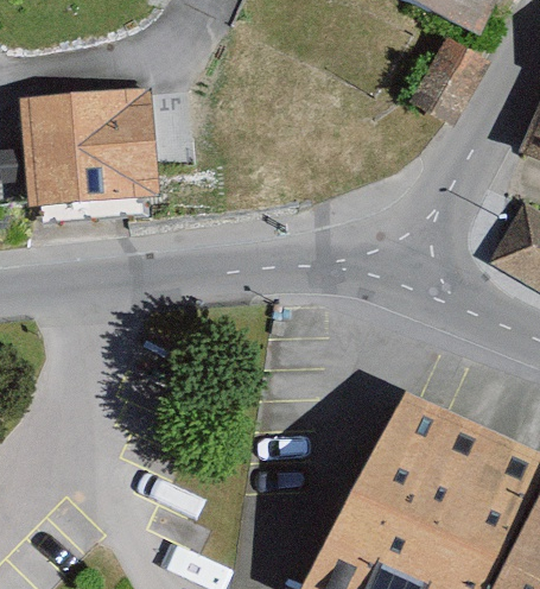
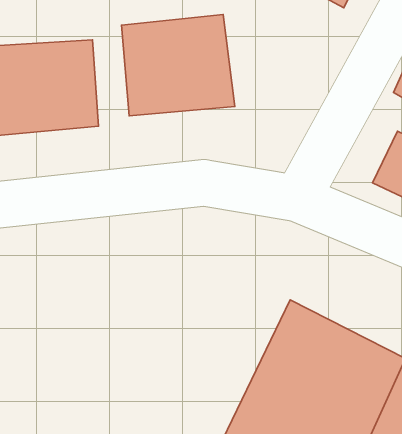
building: none -> [121,15,235,116]

